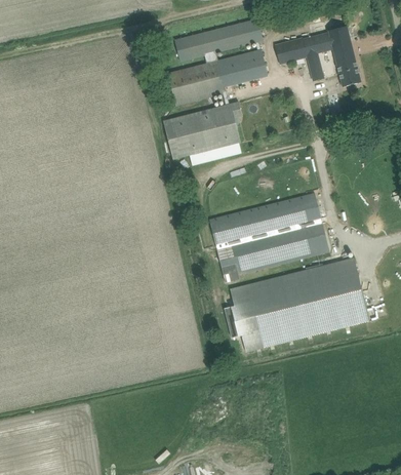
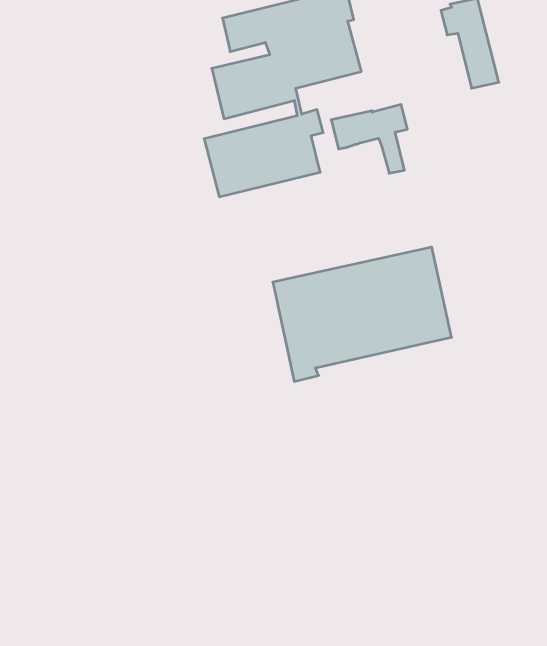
building: [275,34,326,80] -> [331,105,407,173]
building: [228,259,367,350] -> none

